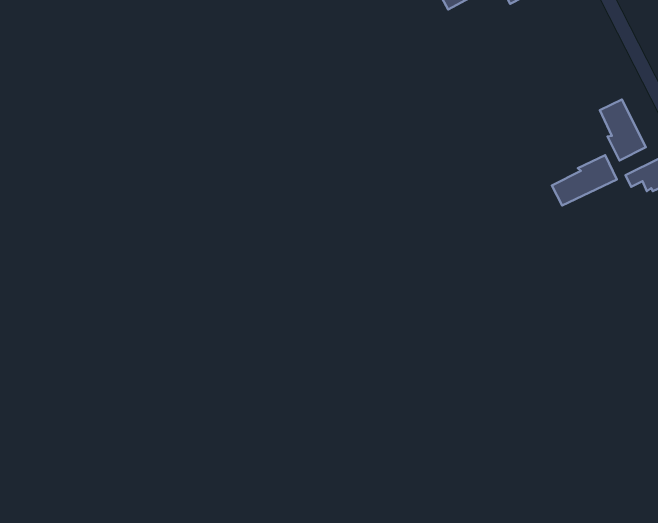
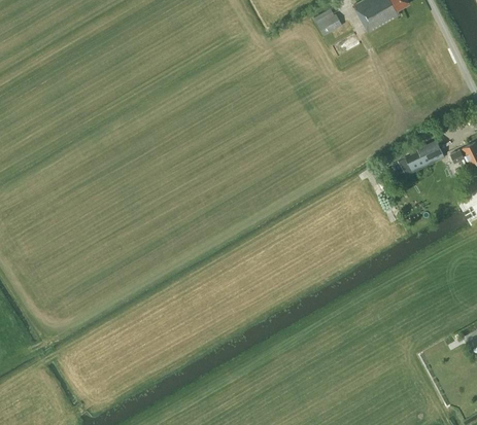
building: [600,100,646,160] -> none

